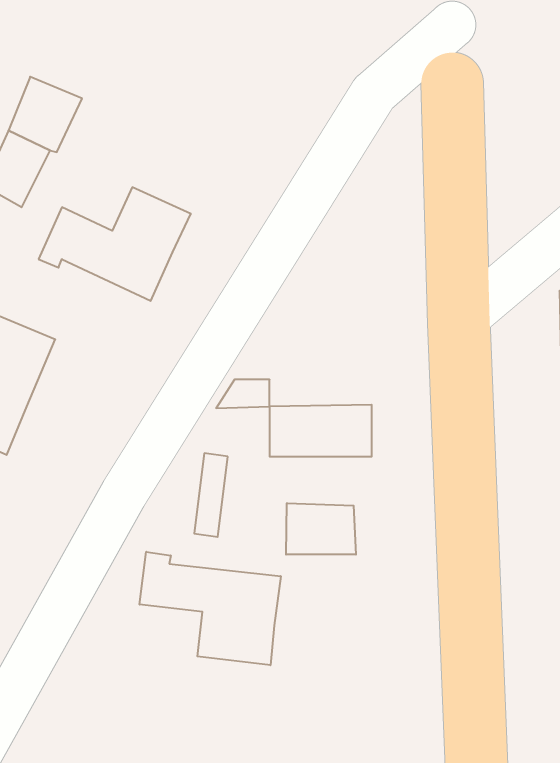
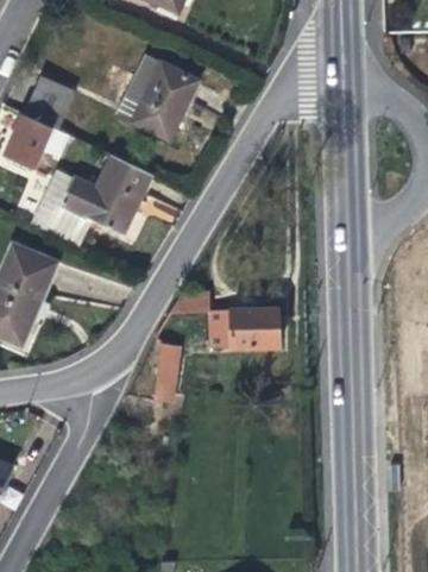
building: none -> [113,55,196,140]
building: [286,503,356,555] -> none
building: [140,552,281,665] -> none

